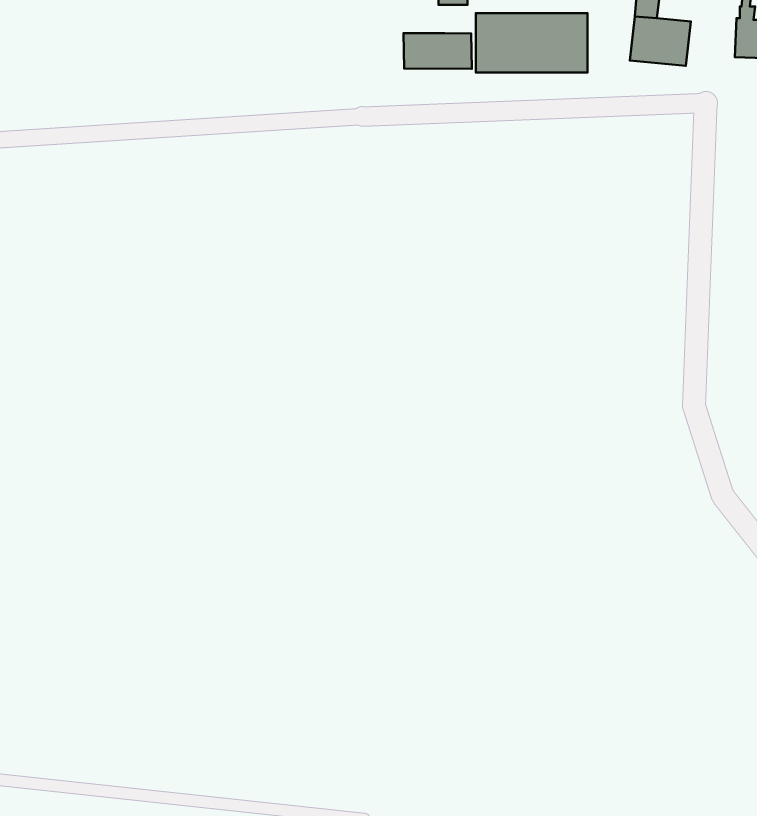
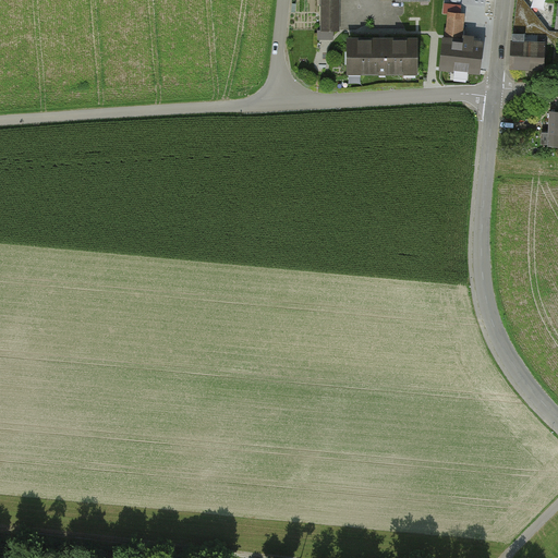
building: [403,33,472,69] -> none

